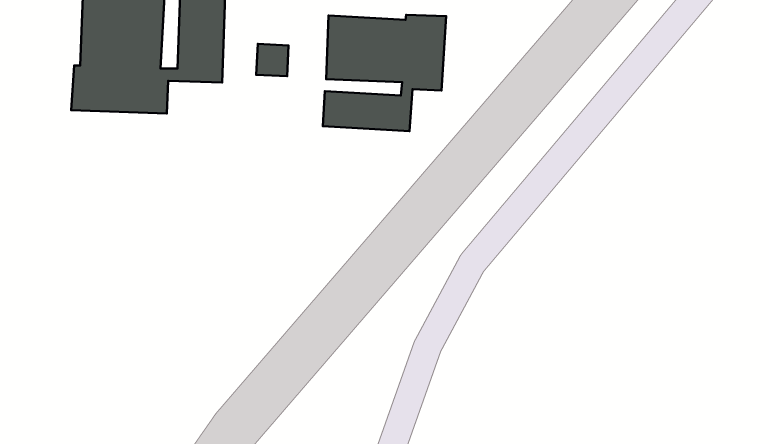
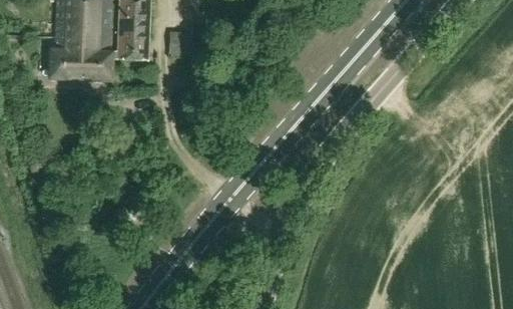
building: [323,15,446,131] -> none

